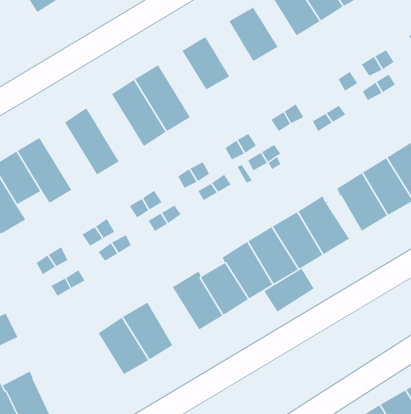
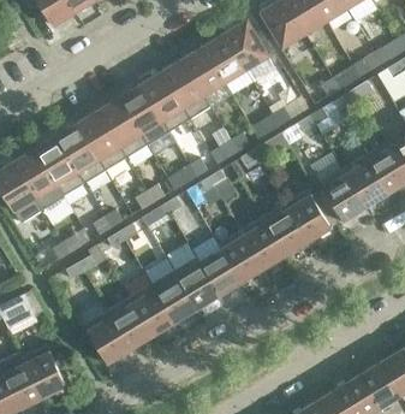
building: none -> [203,34,245,83]
building: none -> [161,60,210,119]
building: none -> [97,99,148,159]
building: none -> [55,124,106,184]
building: [263,268,315,312] -> none
building: none -> [151,271,197,323]
building: none -> [84,312,130,365]

